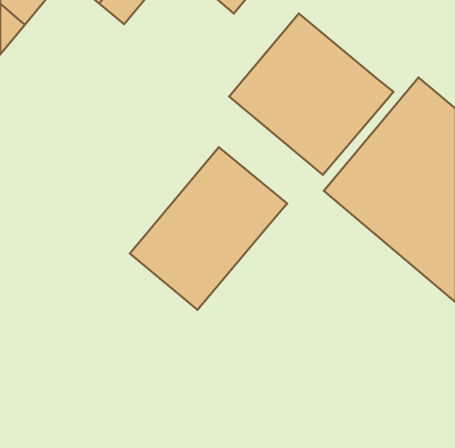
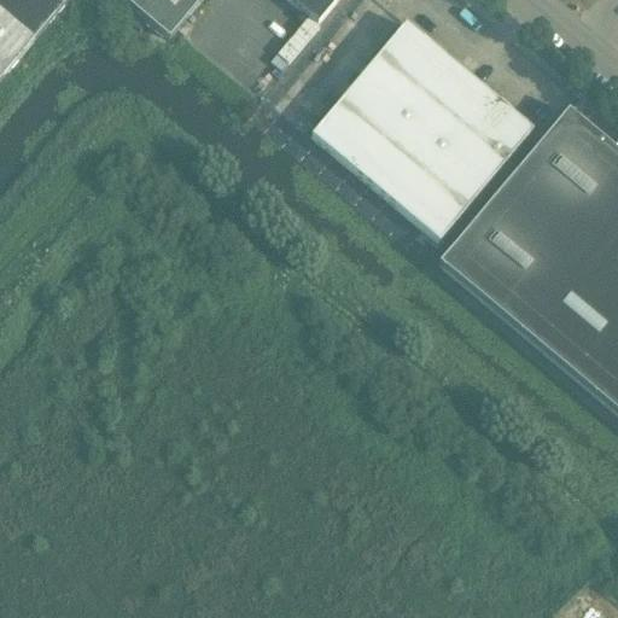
building: [130,147,287,310] -> none

